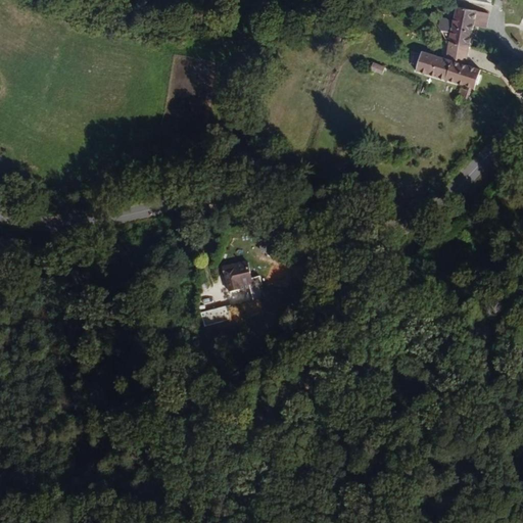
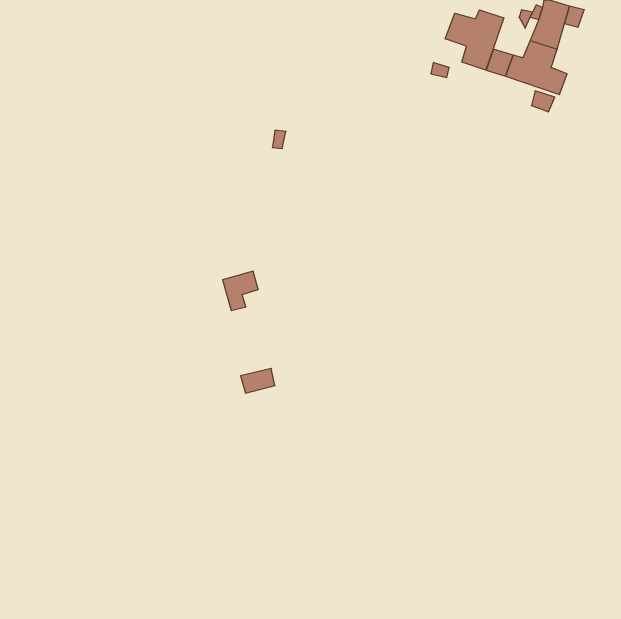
building: none -> [445,10,504,70]
building: [227,268,256,300] -> [223,271,258,311]

